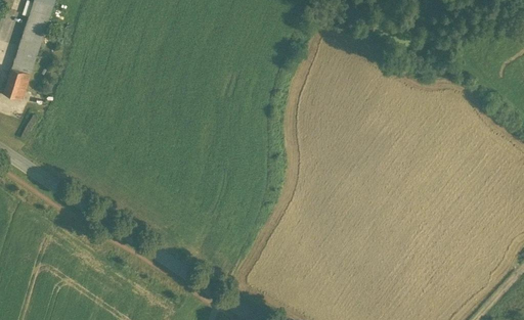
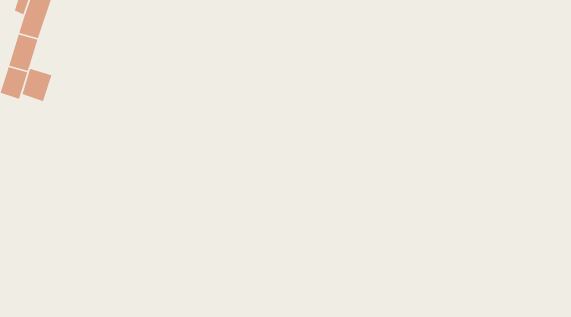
building: none -> [22,68,52,102]

